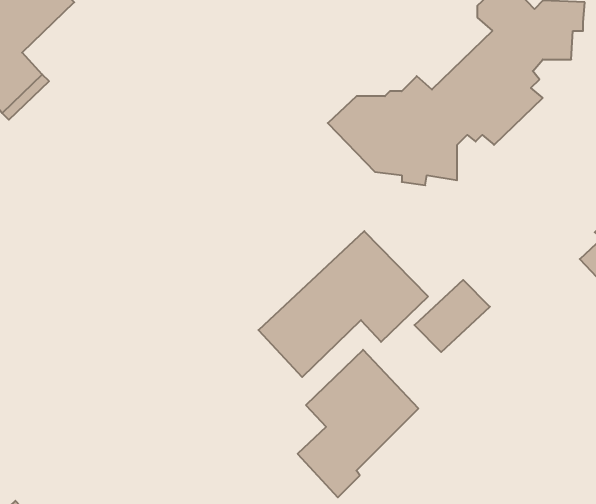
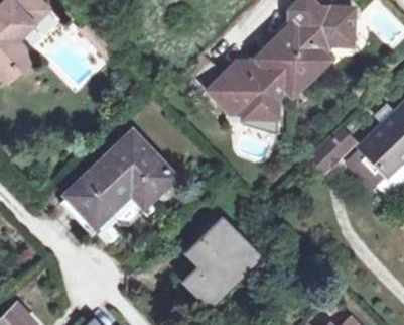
building: [258,231,428,377] -> [71,137,172,225]
building: [414,280,490,352] -> [310,125,356,169]

